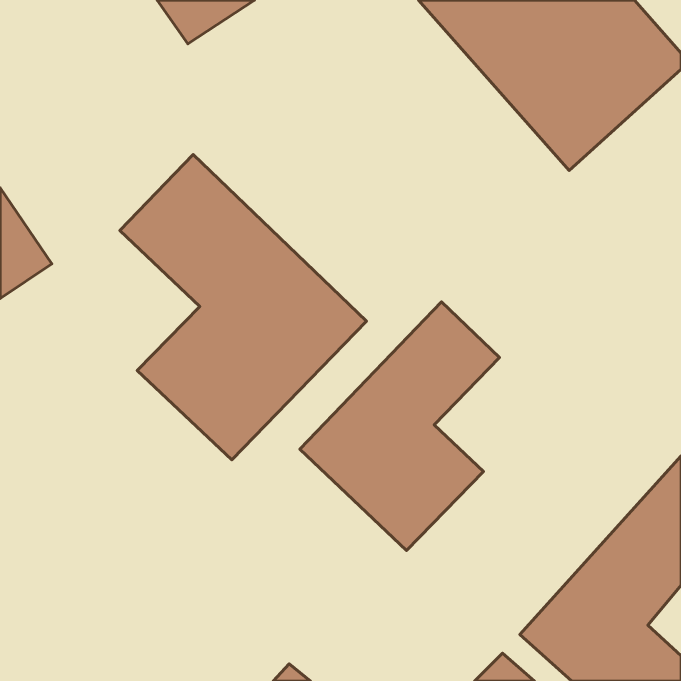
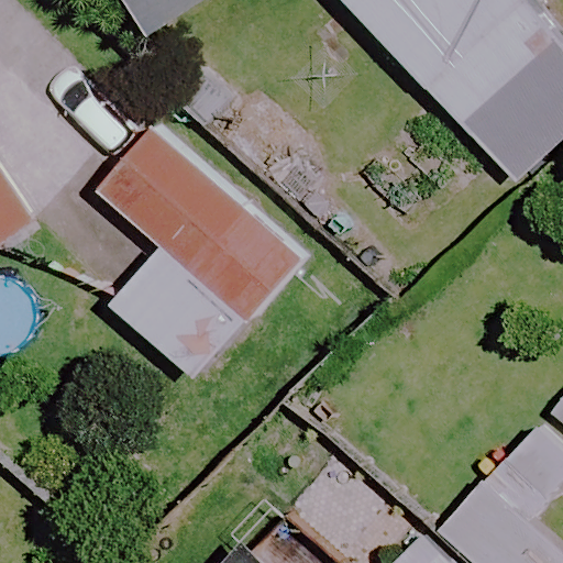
building: [300,302,499,551] -> none

